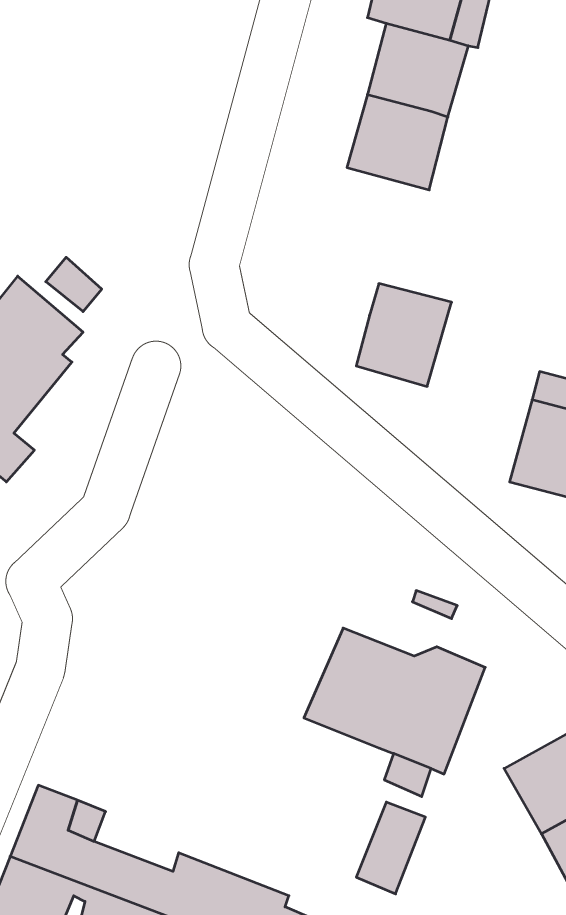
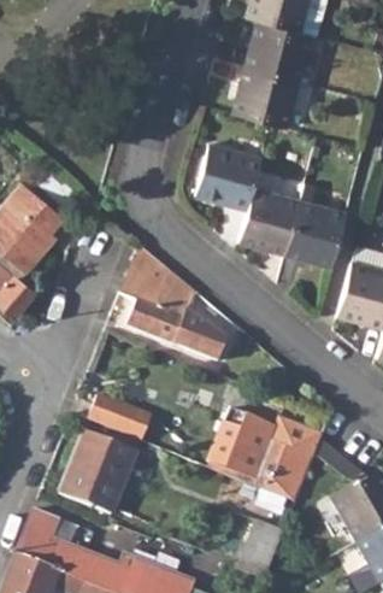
building: none -> [195,141,261,206]
building: none -> [284,198,346,264]
building: none -> [119,260,228,359]
building: none -> [86,393,152,440]
building: none -> [59,429,136,512]

